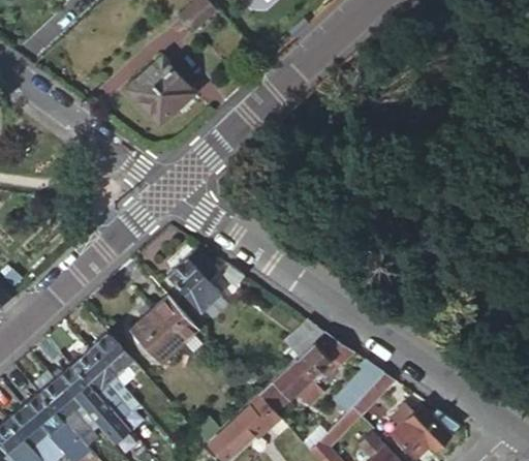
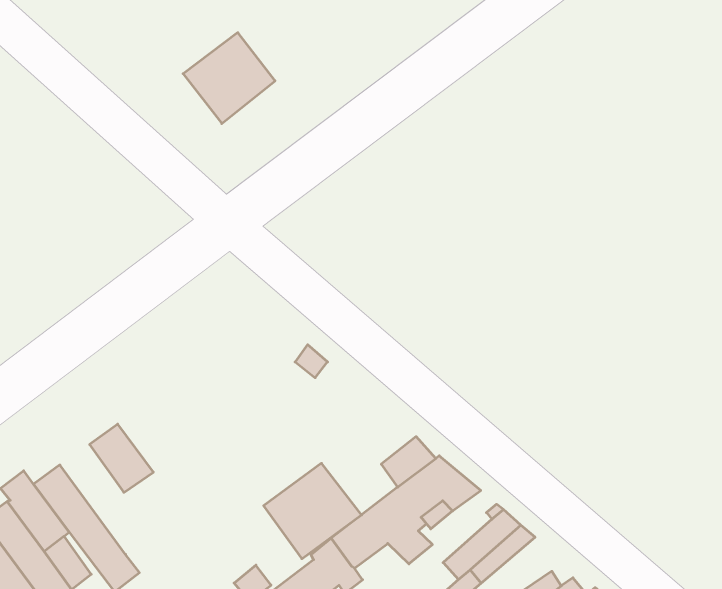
building: [166,249,219,312] -> none
building: [131,298,197,363] -> [264,463,362,559]
building: [71,347,138,419] -> none

